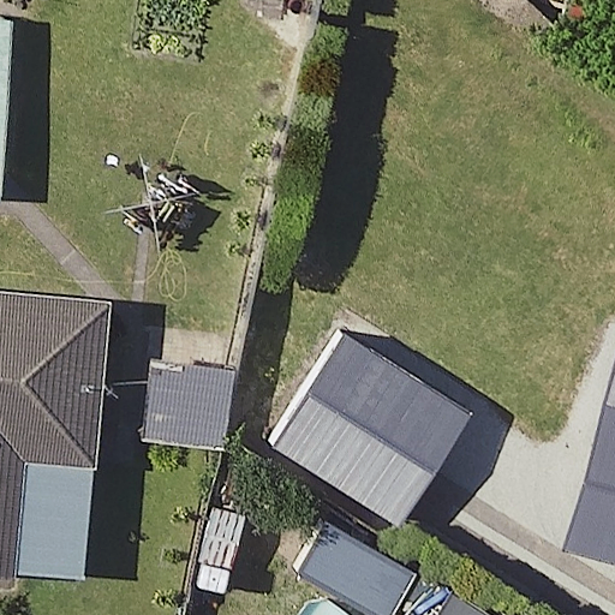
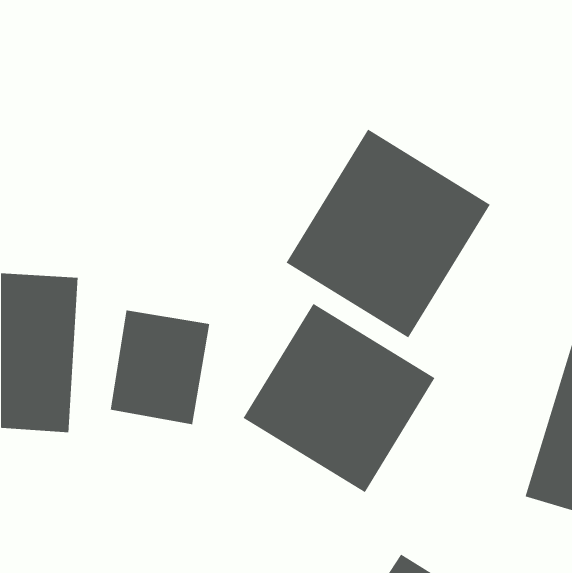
building: none -> [285,129,491,339]

